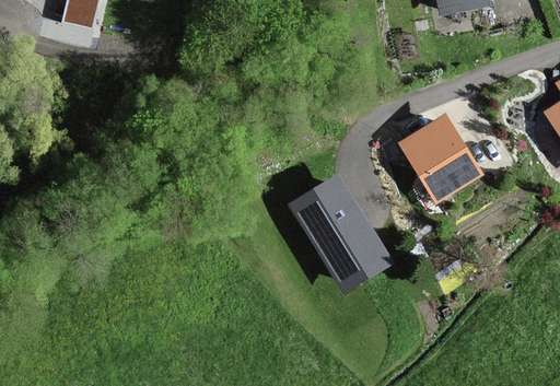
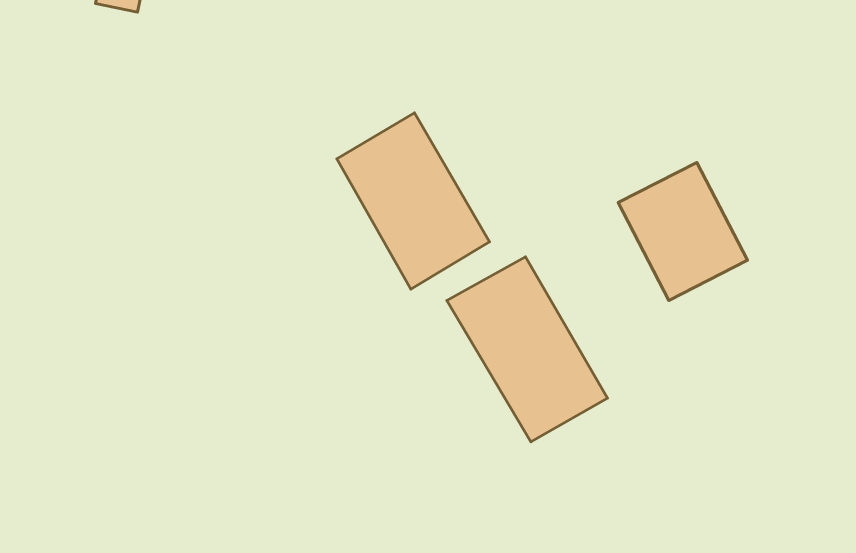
building: none -> [337,113,489,289]

